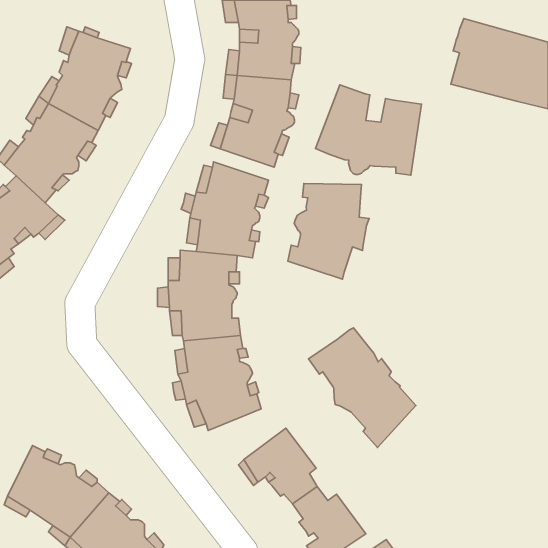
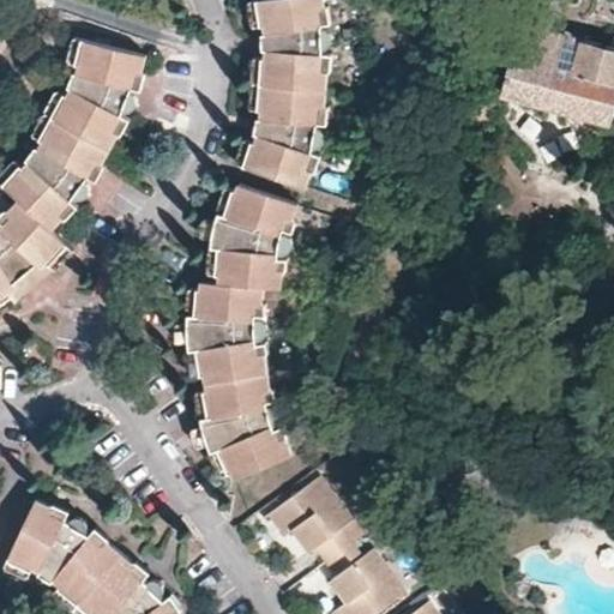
building: [316,85,421,175] -> none
building: [288,184,369,279] -> none
building: [308,328,416,447] -> none

